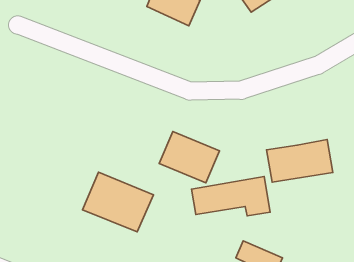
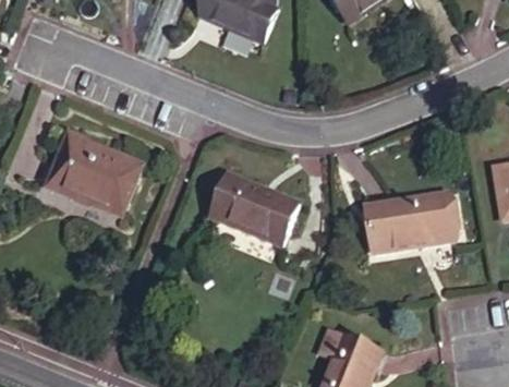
building: [82,172,153,232] -> [54,135,150,216]
building: [192,176,270,216] -> none

